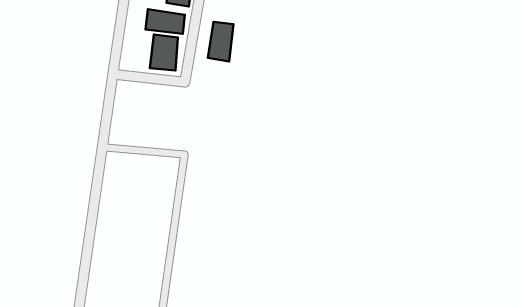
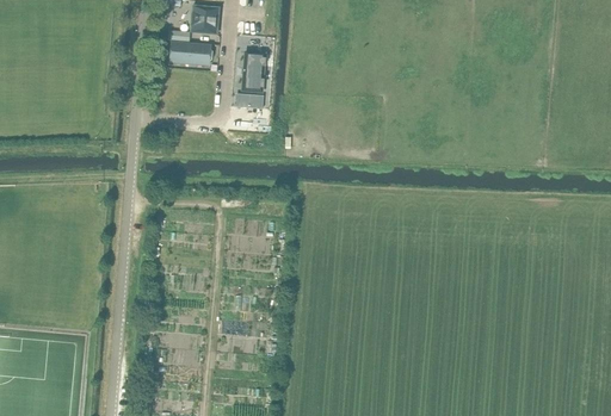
building: [150,35,178,70] -> none

